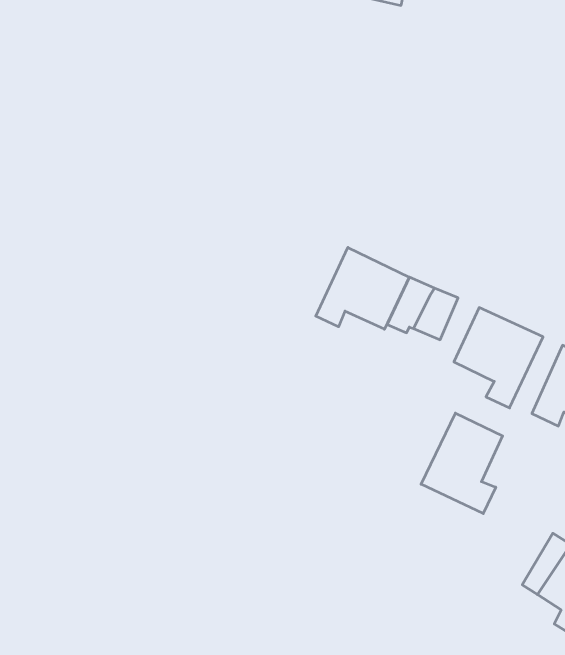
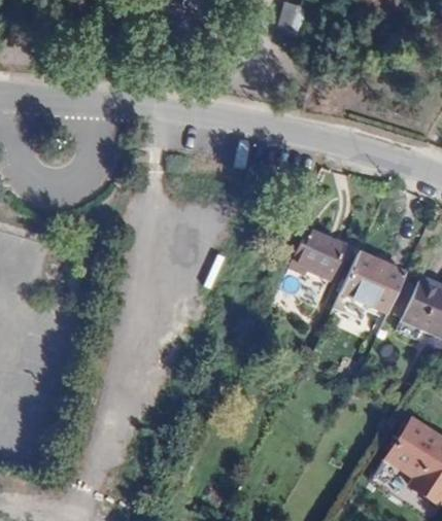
building: [316,247,409,329] -> none
building: [421,413,503,514] -> none

